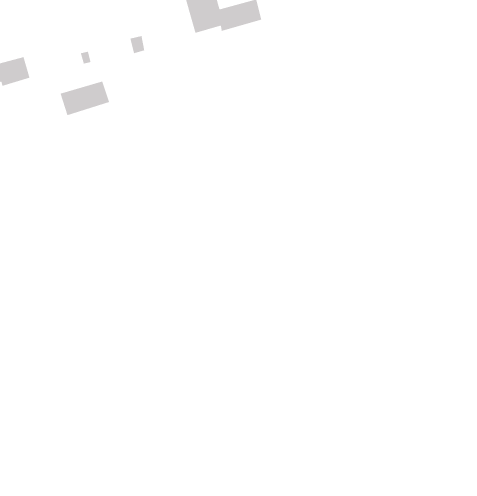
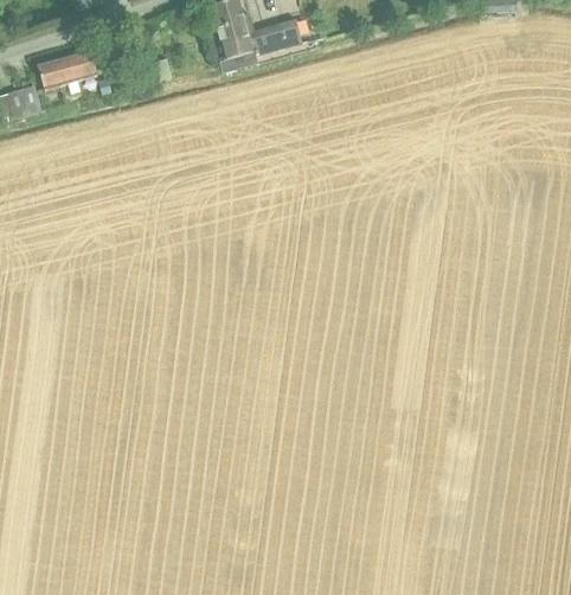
building: [60,80,110,116] -> [40,50,97,90]

